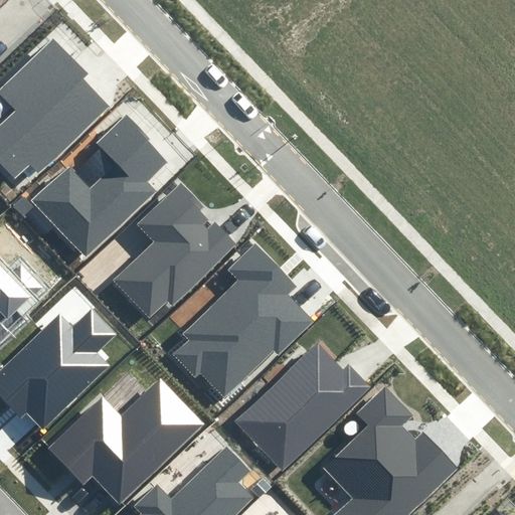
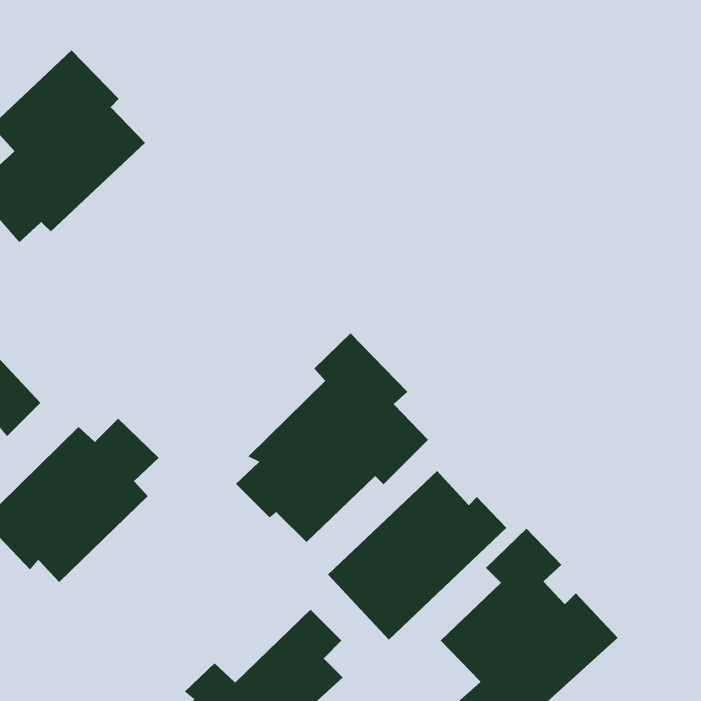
building: [32,118,167,255] -> none
building: [113,183,240,319] -> none
building: [45,381,200,501] -> none

